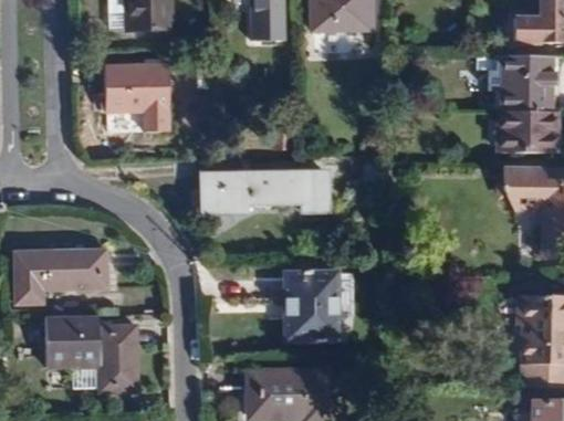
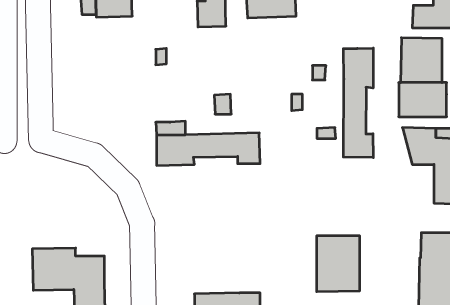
building: [104,63,169,130] -> none
building: none -> [343,48,373,158]
building: [13,250,107,303] -> none
building: [284,272,337,340] -> [317,236,360,292]

